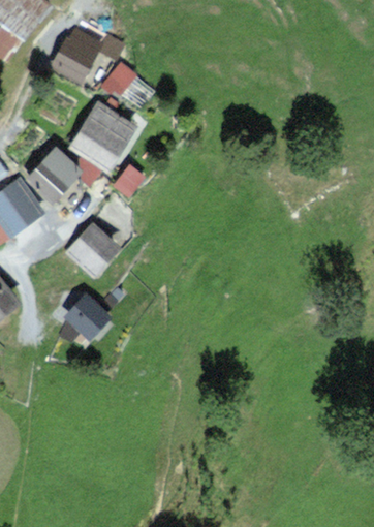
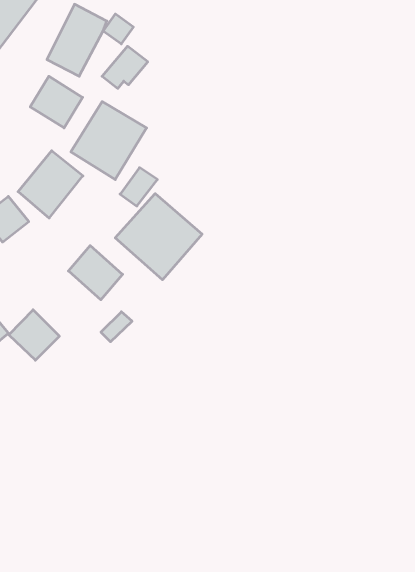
building: none -> [30,76,83,128]
building: none -> [115,194,202,280]
building: [65,295,108,338] -> [9,310,59,360]

